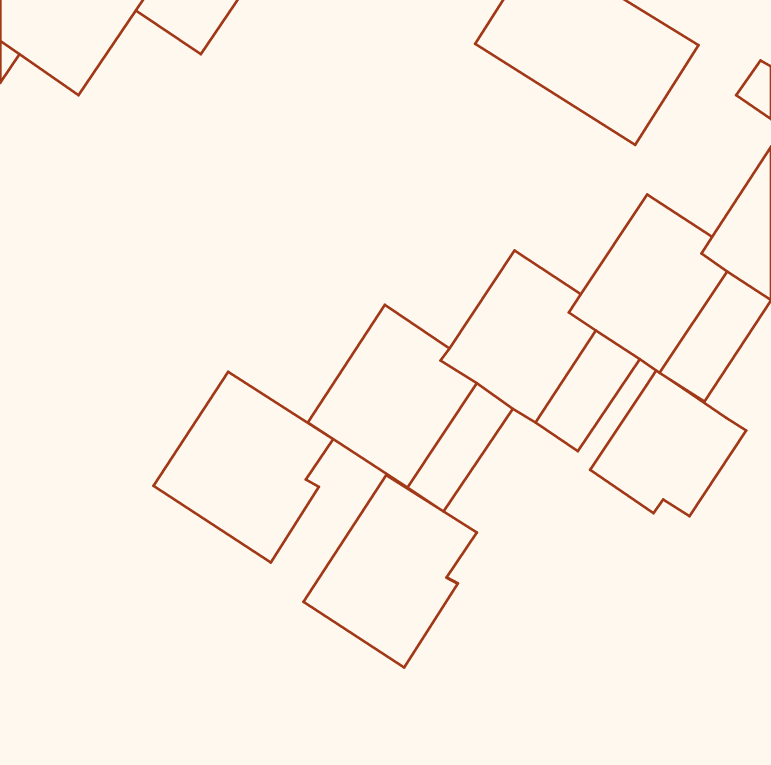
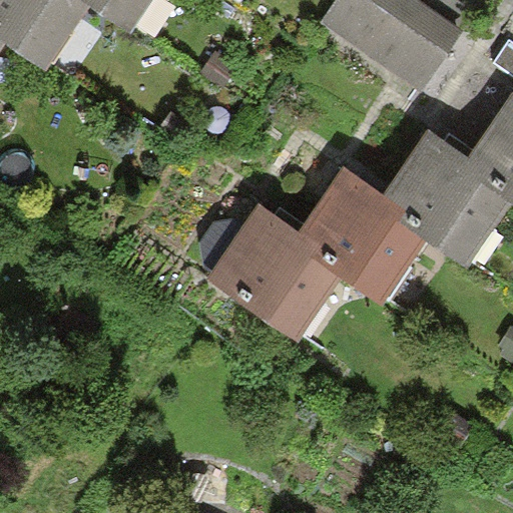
building: [590,371,746,516] -> none
building: [154,372,333,562] -> none
building: [303,475,477,668] -> none

